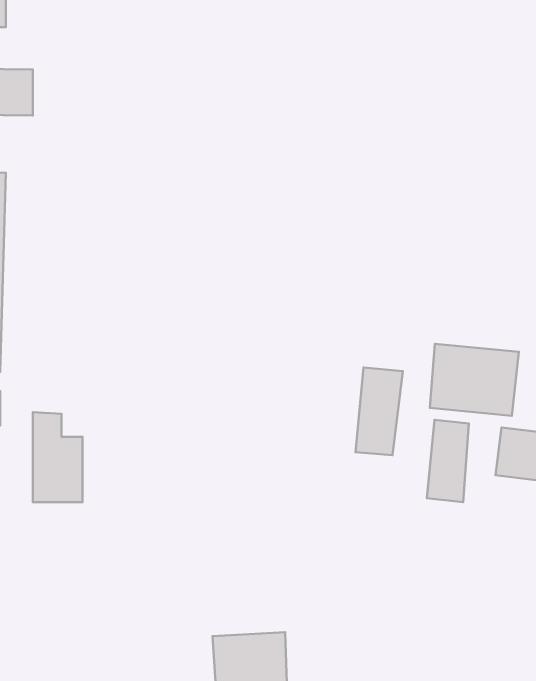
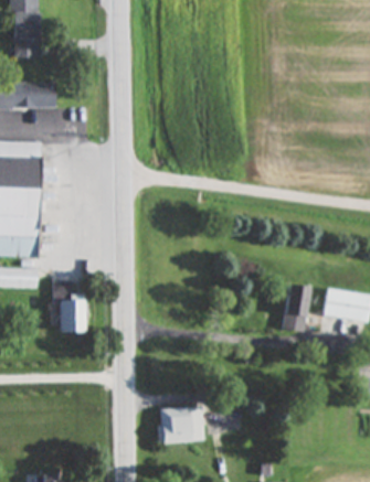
building: [430,344,519,416] -> none
building: [355,367,403,455] -> none

